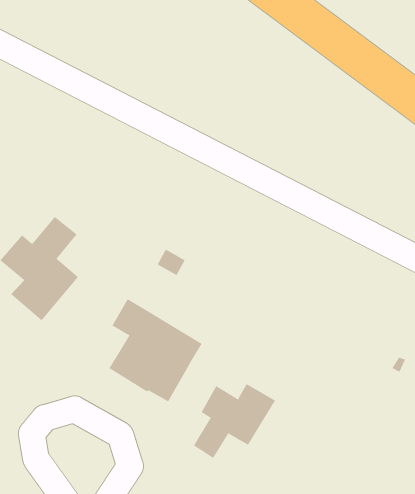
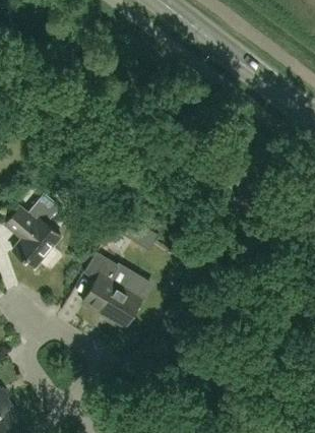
building: [193,383,276,459] -> none

